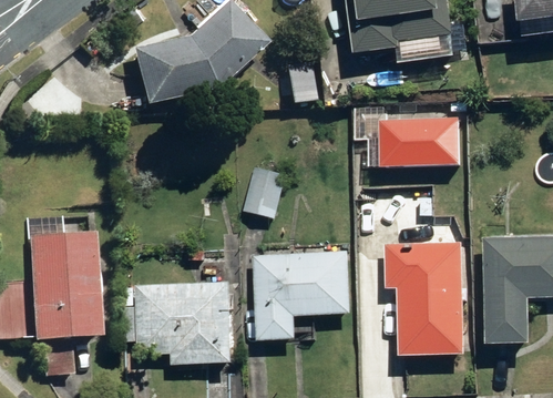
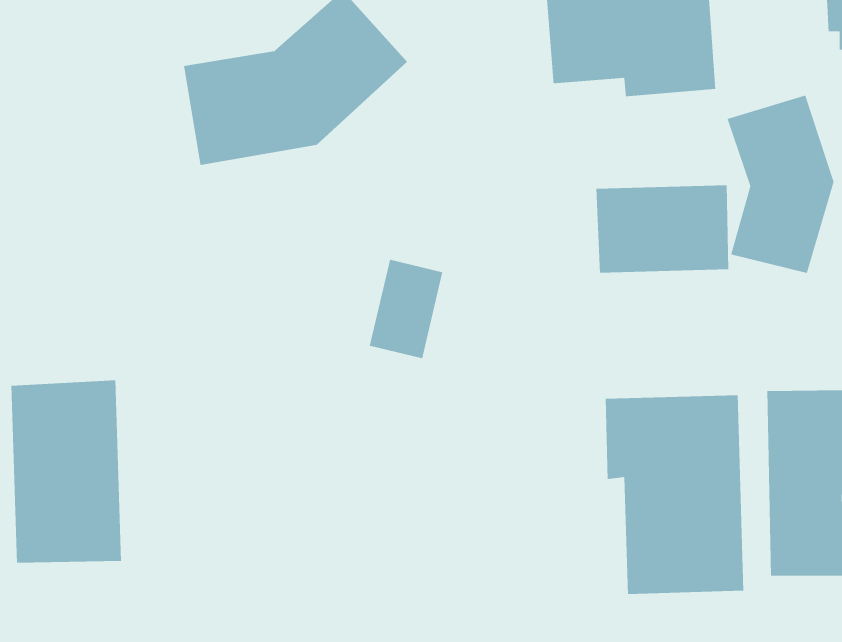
building: none -> [726,95,835,274]
building: [253,247,350,341] -> none
building: [133,278,231,365] -> none

